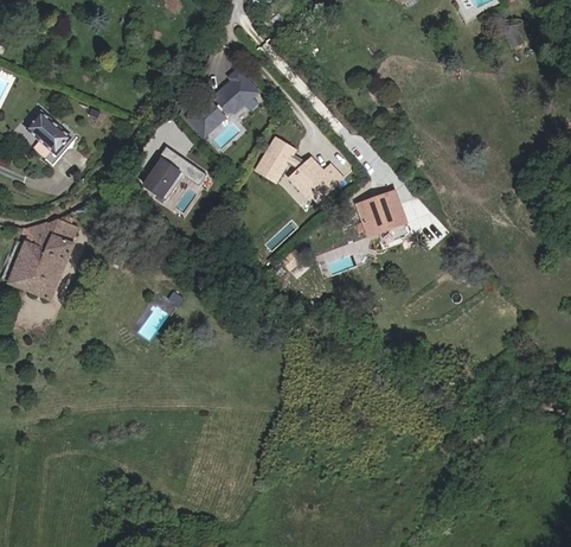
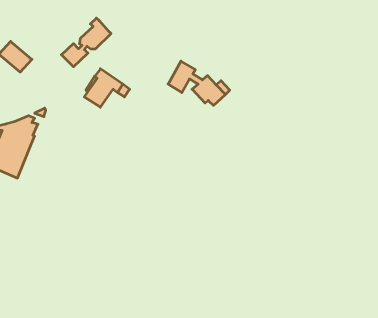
building: [185,70,254,138] -> [61,18,111,67]
building: [359,189,408,235] -> none

